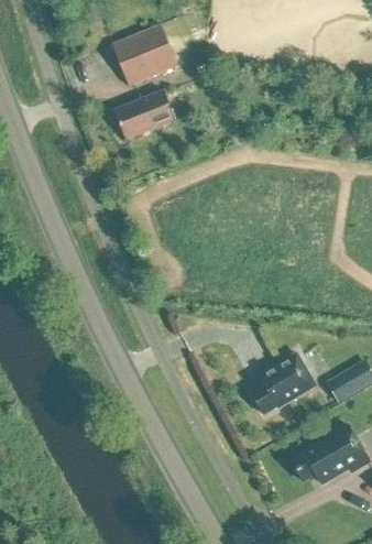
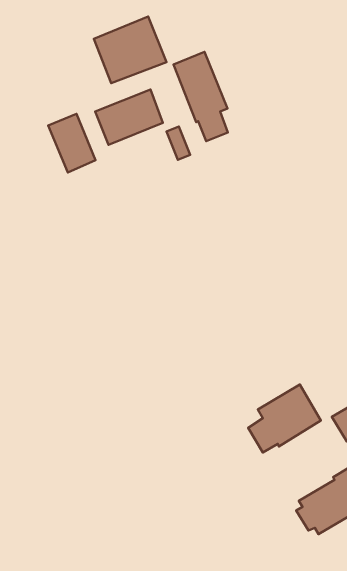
building: none -> [174,52,228,141]
building: none -> [48,114,95,173]

